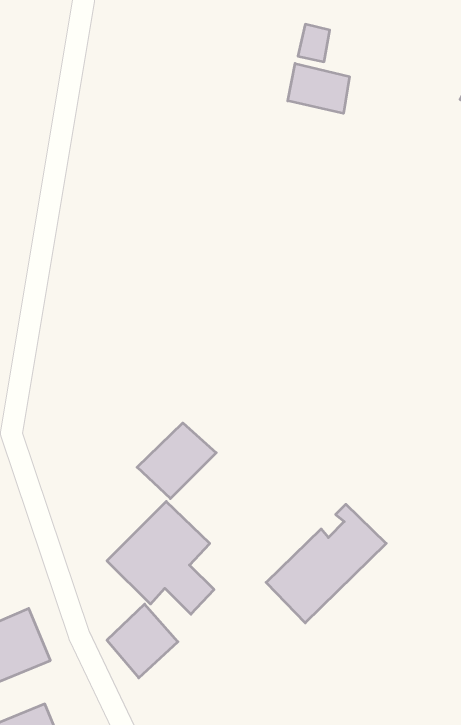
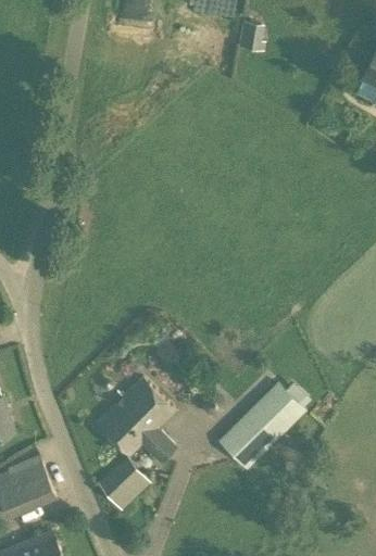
building: [288,63,349,113] -> none
building: [137,423,216,499] -> none

